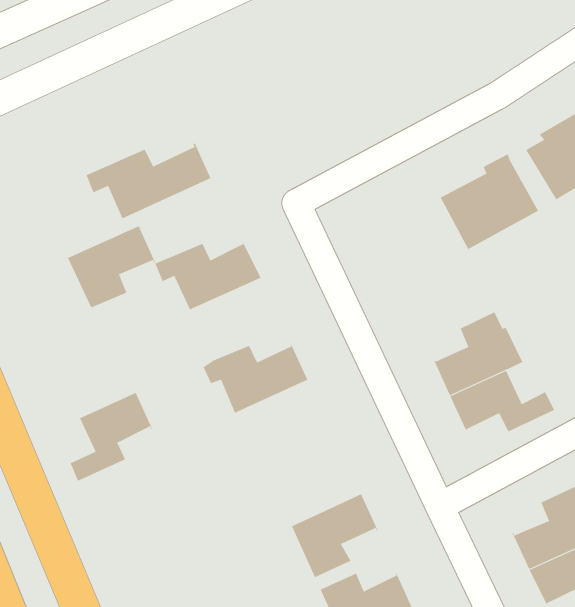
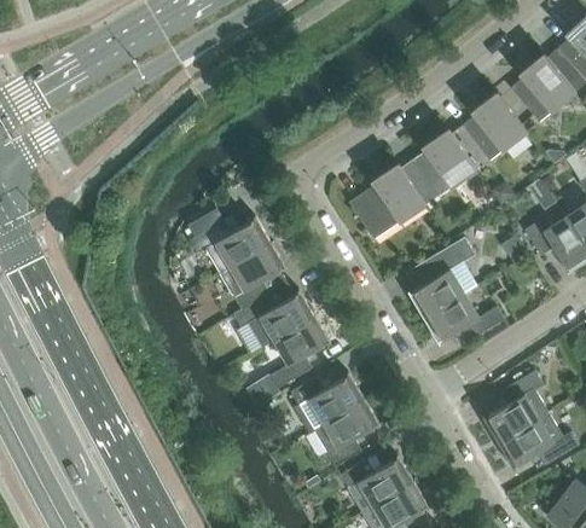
building: [86,143,211,219] -> none
building: none -> [348,164,425,240]
building: [67,226,156,308] -> [219,243,286,309]
building: [70,392,153,482] -> [269,317,330,389]
building: none -> [290,372,364,433]

